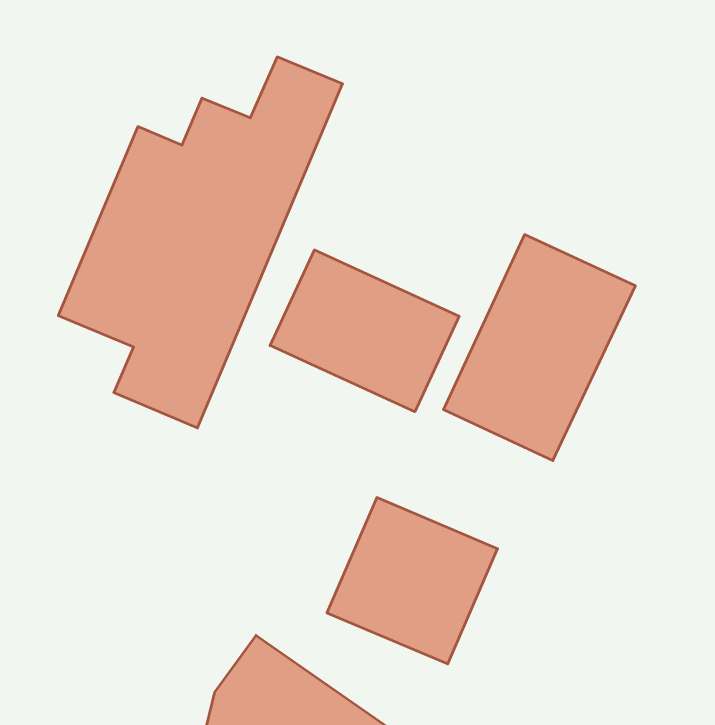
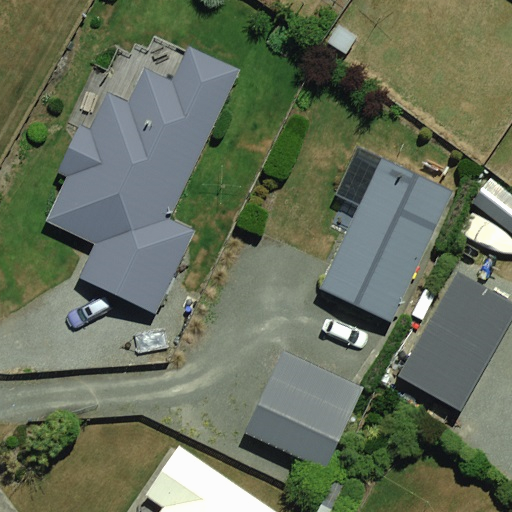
building: [270,250,459,412] -> none
building: none -> [390,281,506,414]

